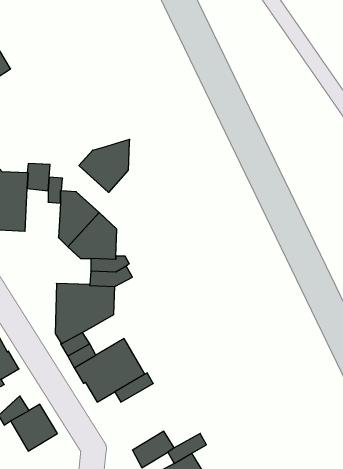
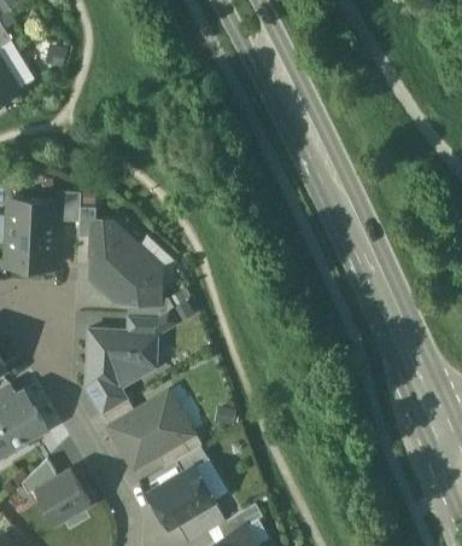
building: [79,139,130,192] -> none
building: none -> [151,467,214,527]

